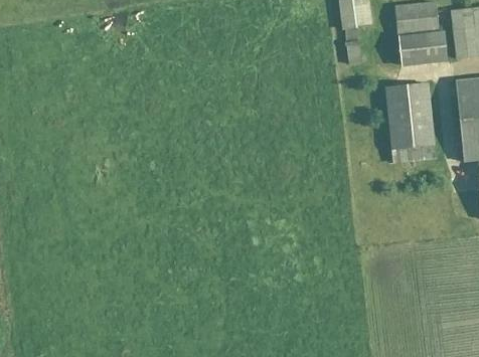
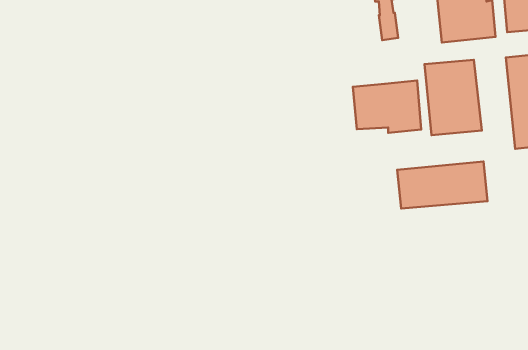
building: none -> [353,81,421,133]
building: none -> [397,161,488,209]

